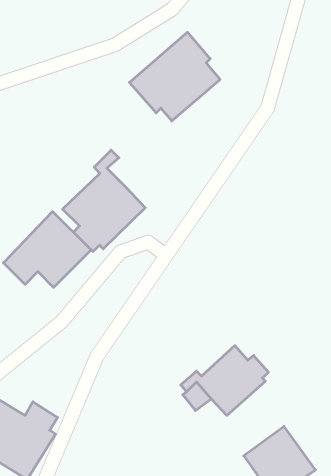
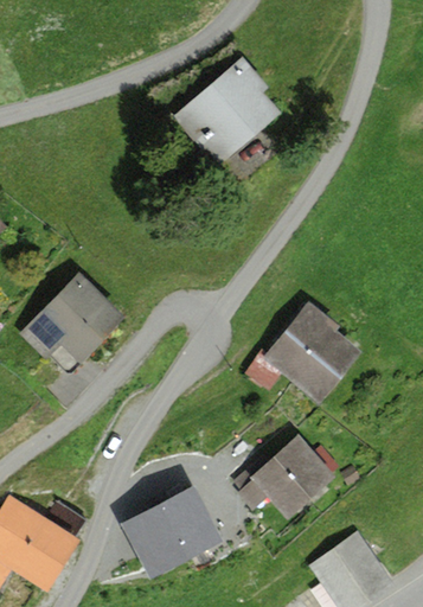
building: [63,150,145,251] -> none
building: none -> [243,301,359,405]
building: none -> [121,485,220,577]

